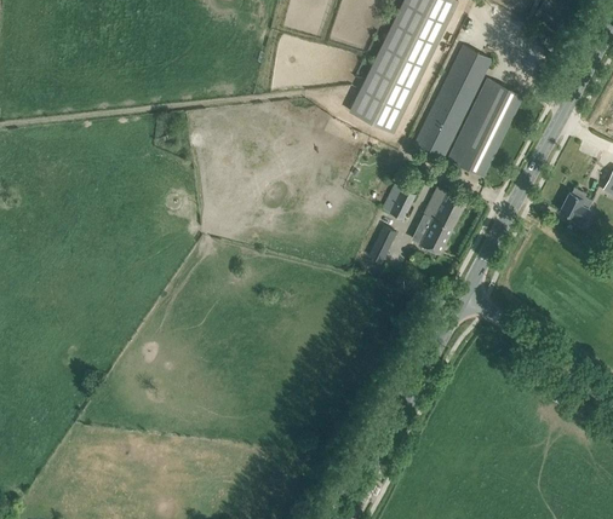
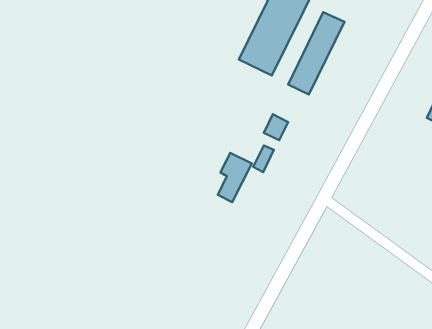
building: [447,79,521,177] -> none
building: [419,188,465,254] -> [218,153,252,202]
building: [558,189,591,225] -> none

